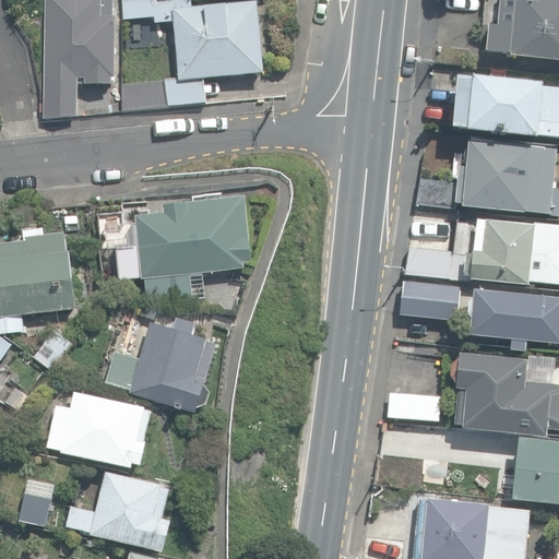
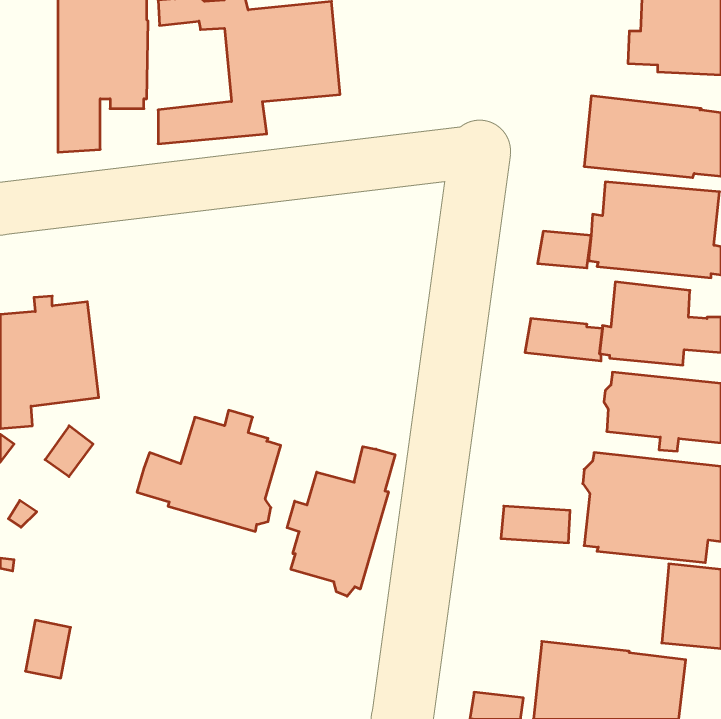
building: [135,198,251,310] -> none
building: [401,280,460,320] -> none
building: none -> [287,447,395,596]
building: [47,391,151,467] -> none
building: [67,472,169,550] -> none

